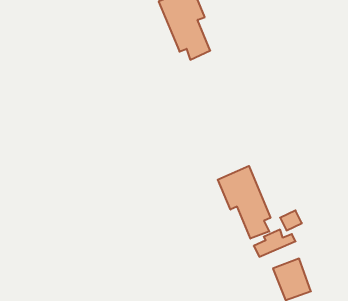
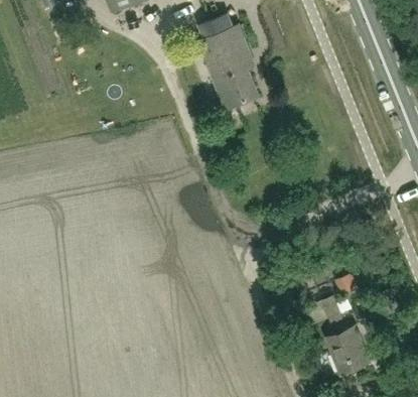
building: [218,166,270,239] -> none

